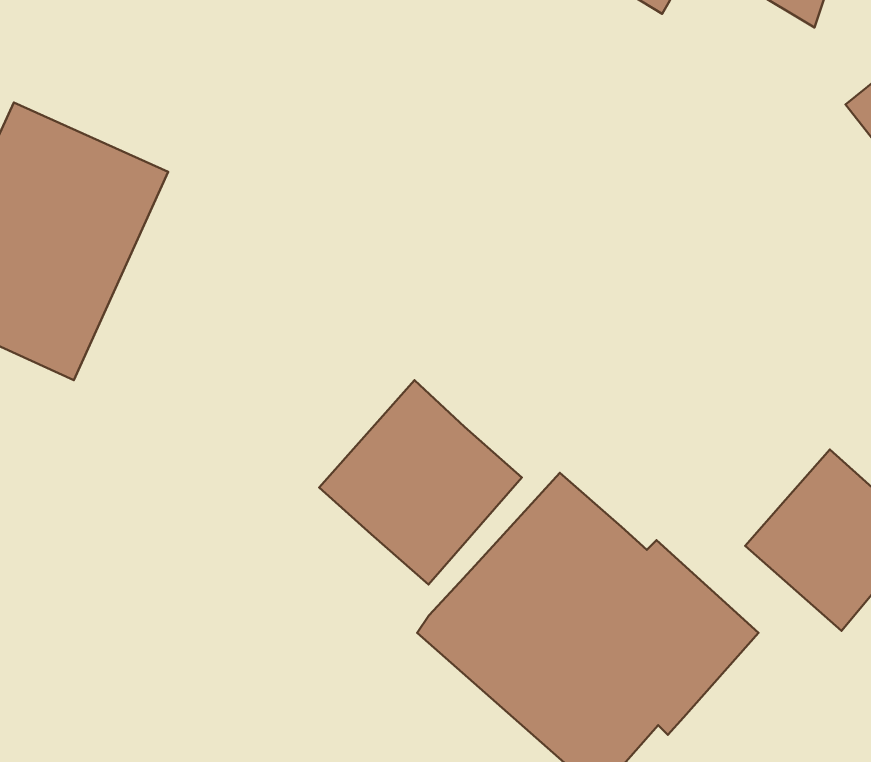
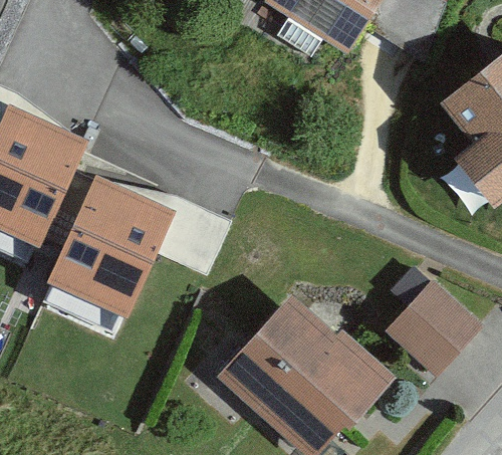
building: none -> [47,176,174,317]
building: [319,380,522,585] -> none

